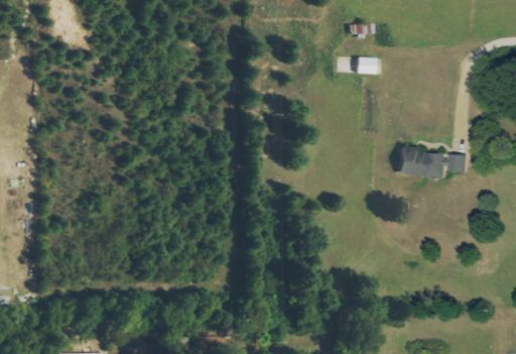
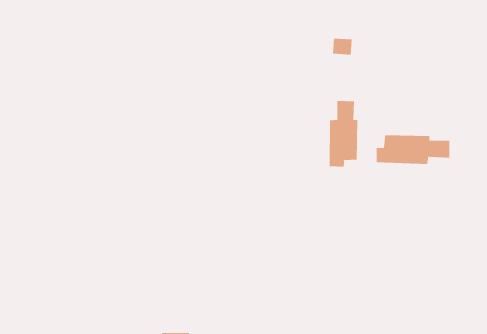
building: none -> [329,100,358,167]

